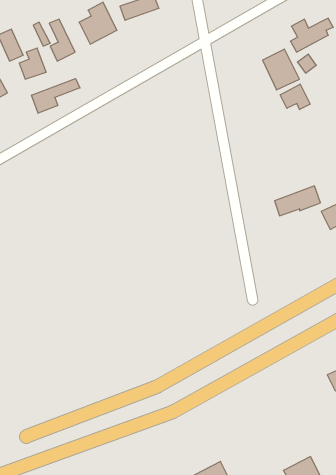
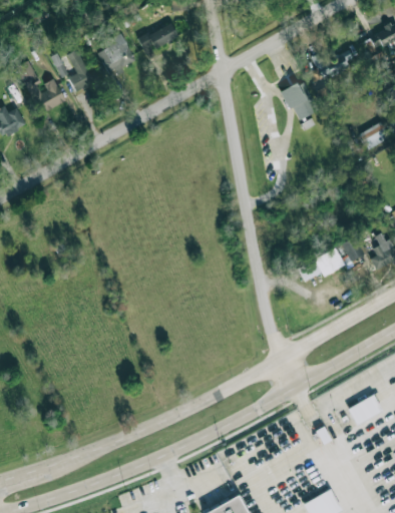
building: [32,79,80,113] -> none
building: [280,84,310,110] -> none
building: [275,186,320,216] -> [297,250,343,281]

